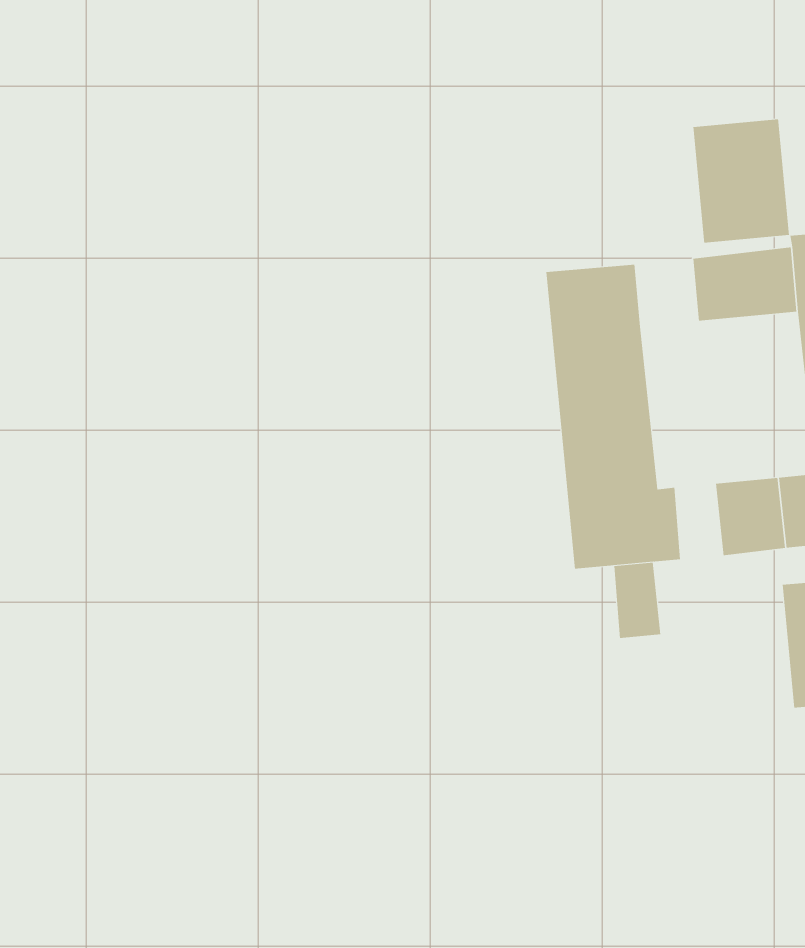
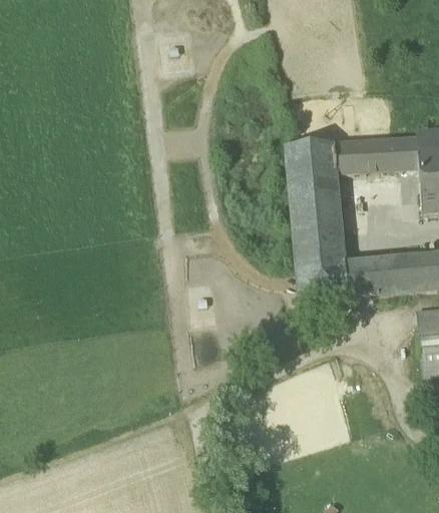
building: [693,119,790,243] -> none
building: none -> [336,139,369,175]
building: [613,562,661,638] -> [357,258,382,298]

